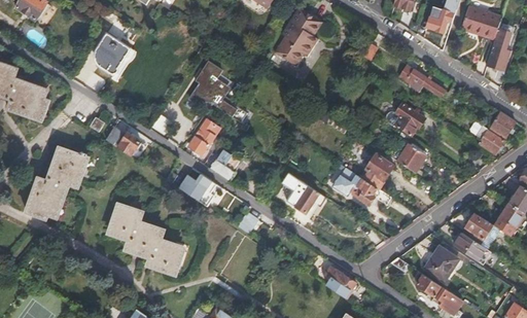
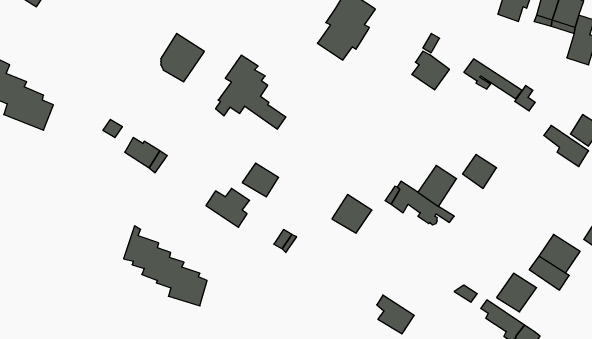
building: [96,35,133,76] -> [161,33,204,82]
building: [393,105,425,138] -> [412,51,449,90]
building: [189,118,220,152] -> none
building: [25,149,86,223] -> none

